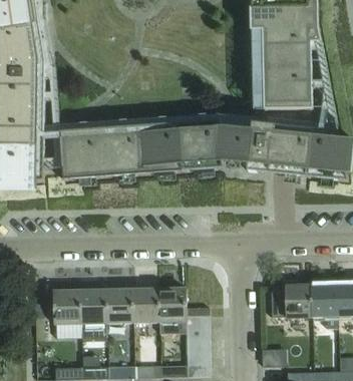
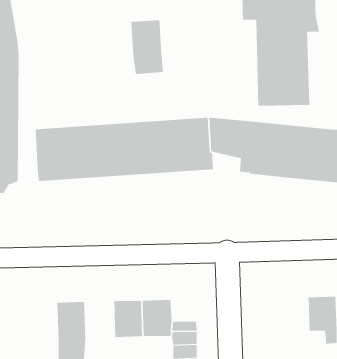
building: none -> [131,20,164,75]
building: [271,285,312,317] -> none
building: [106,288,133,323] -> none
building: [54,290,81,324] -> none

